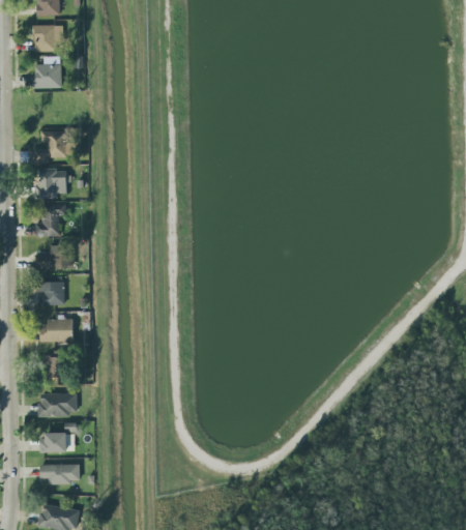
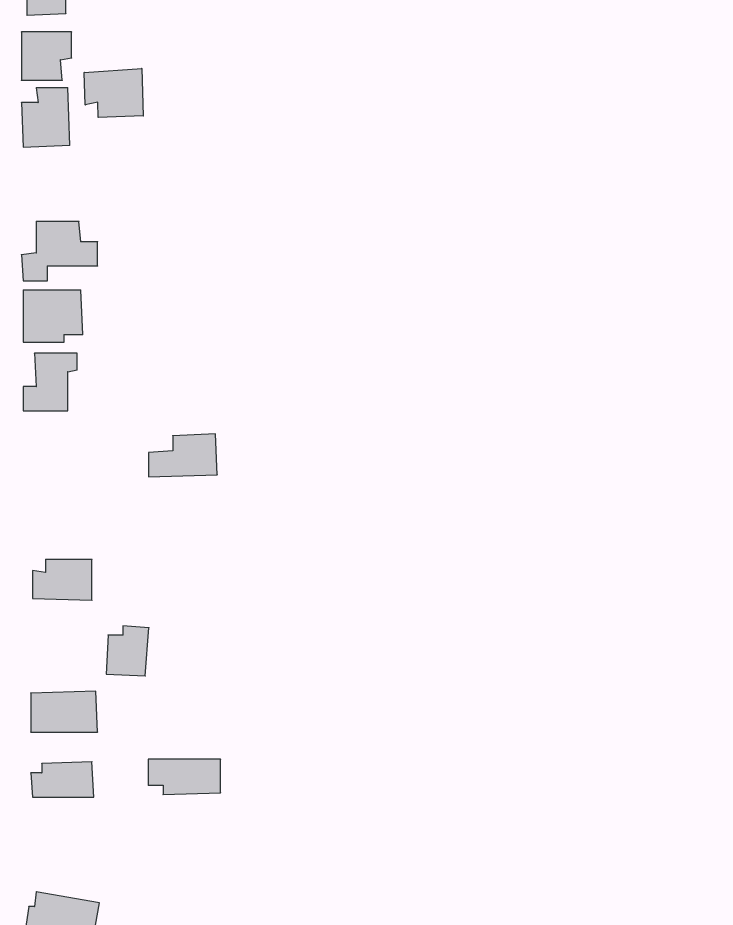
building: none -> [84,68,143,117]
building: [34,244,72,268] -> [149,434,217,477]
building: [39,275,64,305] -> none
building: [43,350,67,378] -> [106,626,149,676]
building: [39,464,80,483] -> [148,759,221,795]

